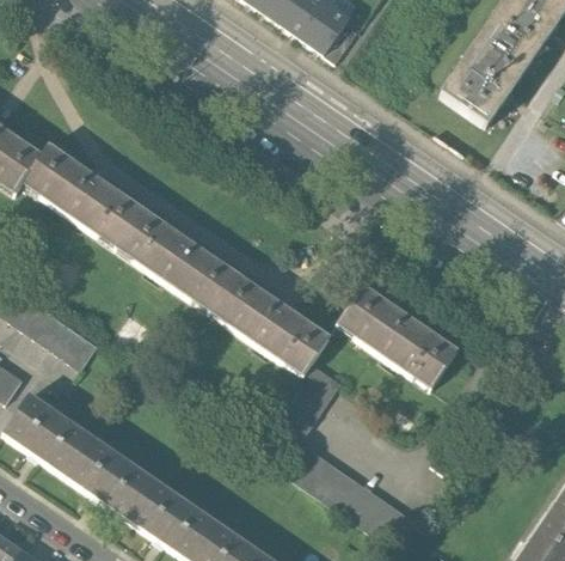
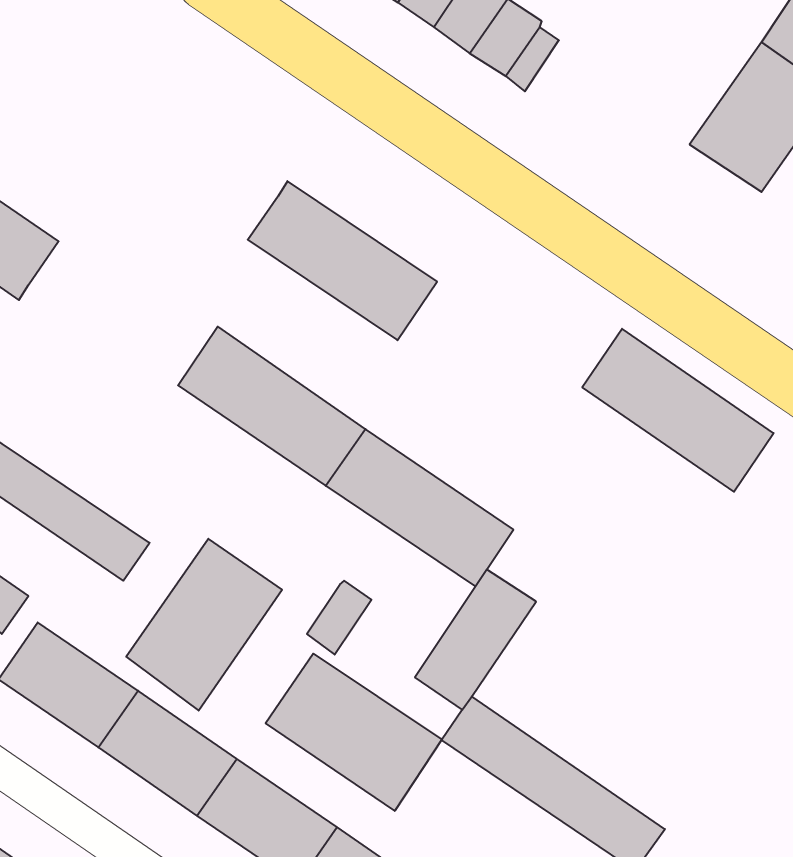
building: [23,145,142,245] -> [248,181,437,340]
building: [338,286,459,389] -> [582,329,774,492]
building: none -> [126,539,282,711]
building: none -> [307,581,371,655]
building: none -> [266,654,442,811]

